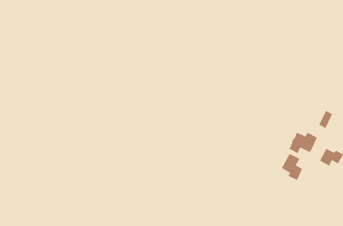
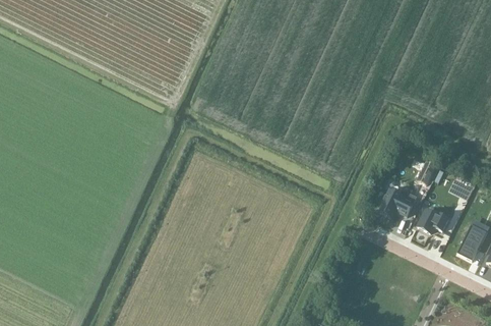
building: [281,153,303,181] -> none

